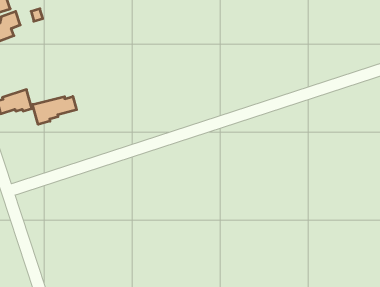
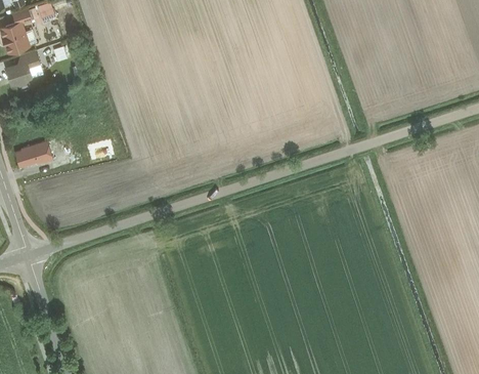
building: [33,96,77,124] -> none

